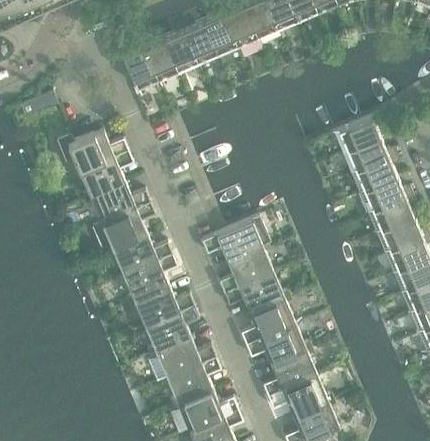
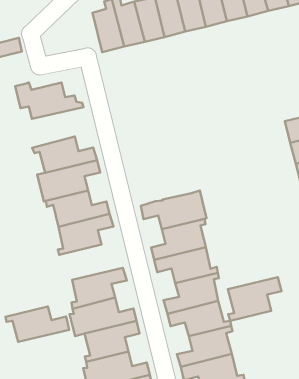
building: [78,148,133,197] -> none
building: [127,283,193,323] -> [5,307,69,342]
building: none -> [228,277,281,321]

